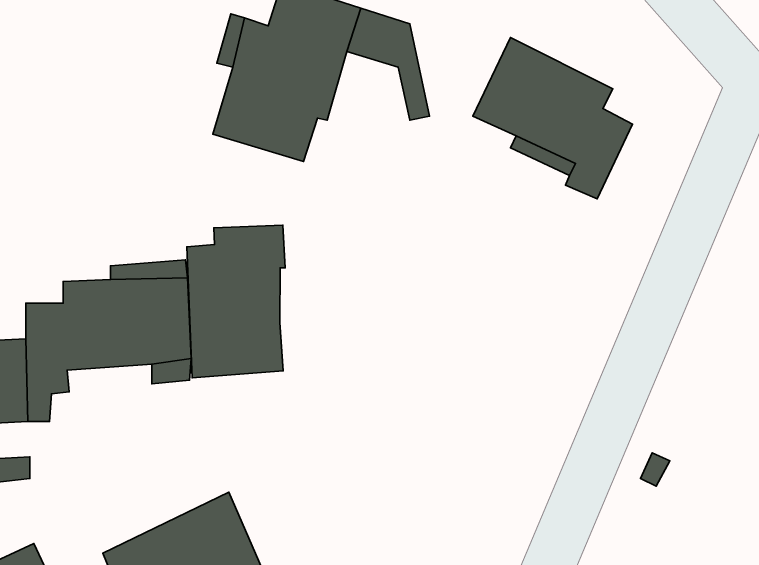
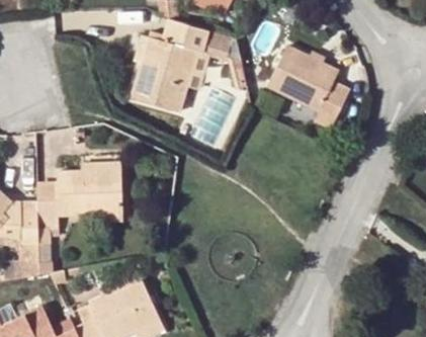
building: [187,225,285,378] -> none

